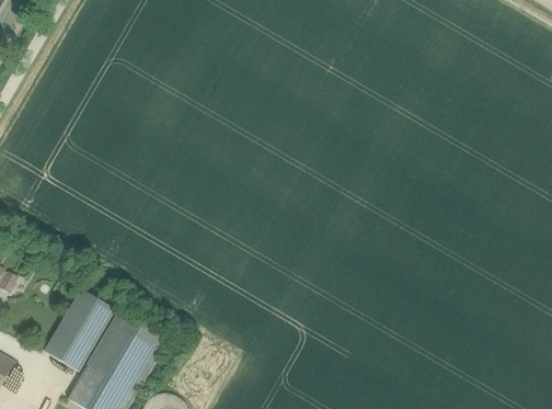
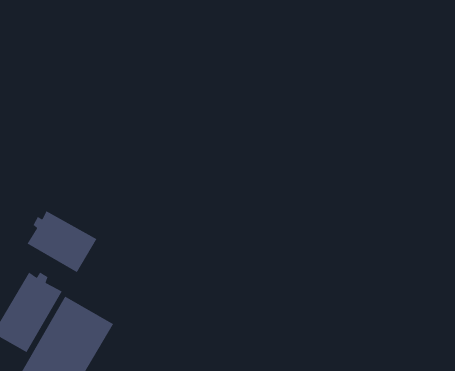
building: none -> [26,210,97,273]

